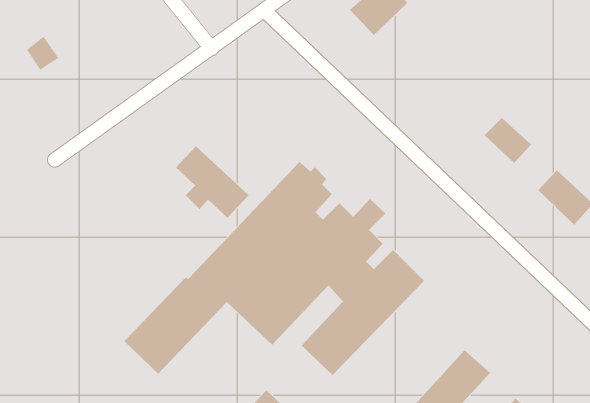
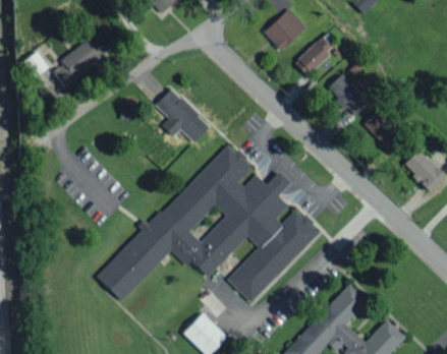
building: none -> [295,37,334,74]
building: none -> [54,38,104,85]
building: none -> [327,73,371,116]
building: [175,146,249,218] -> [156,88,211,142]

